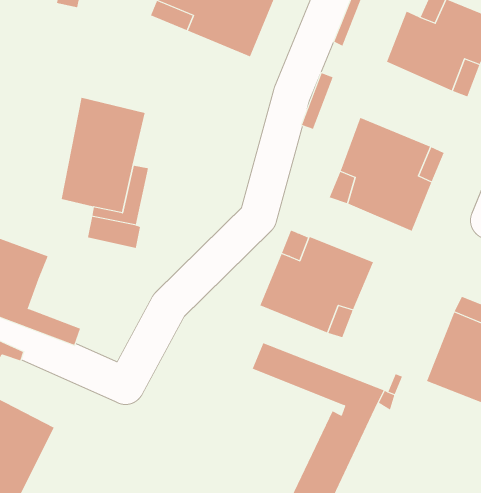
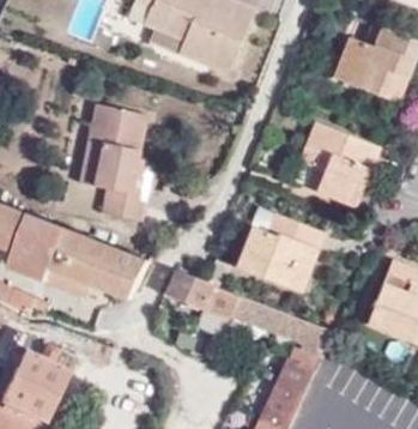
building: none -> [56,228,151,298]
building: none -> [164,271,238,320]

